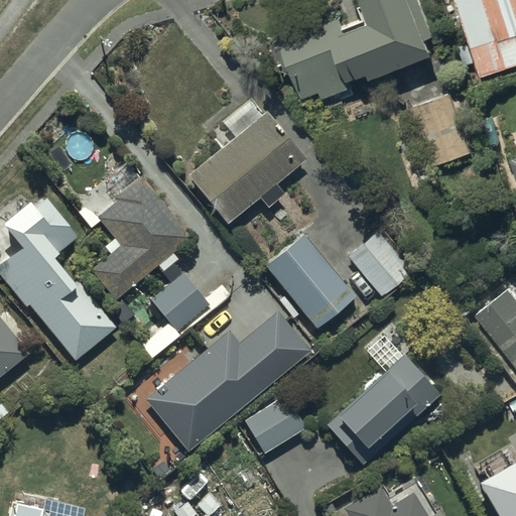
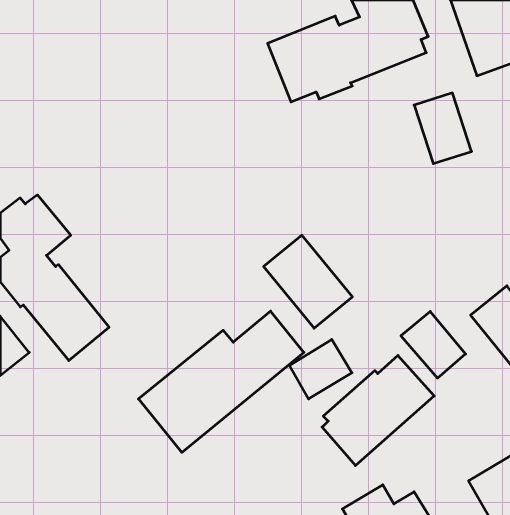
building: [185,102,305,225] -> none
building: [89,163,190,301] -> none
building: [351,231,415,297] -> [401,311,466,378]
building: [149,273,209,333] -> none
building: [244,395,306,455] -> [289,339,352,399]

